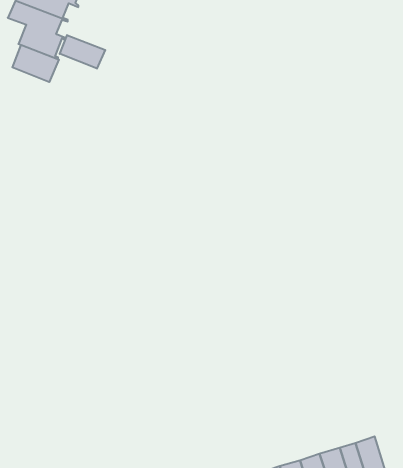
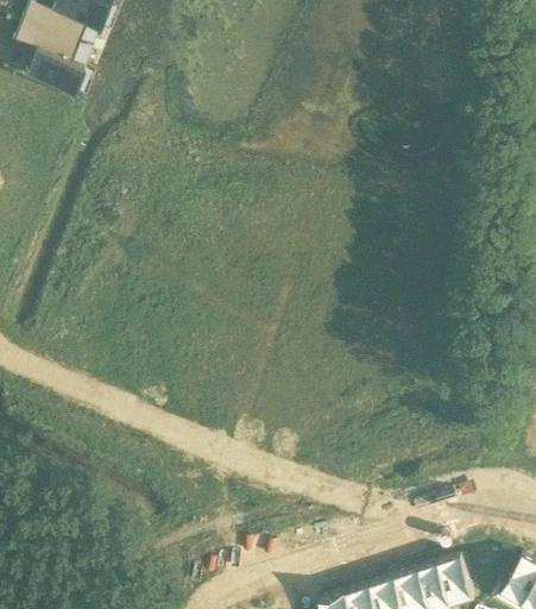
building: [60,35,105,69] -> none
building: [12,45,59,82] -> none

